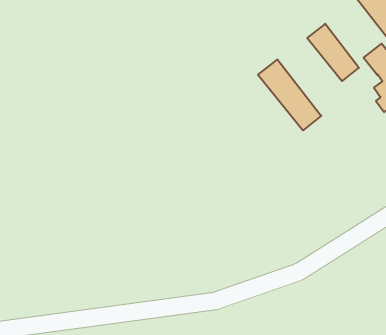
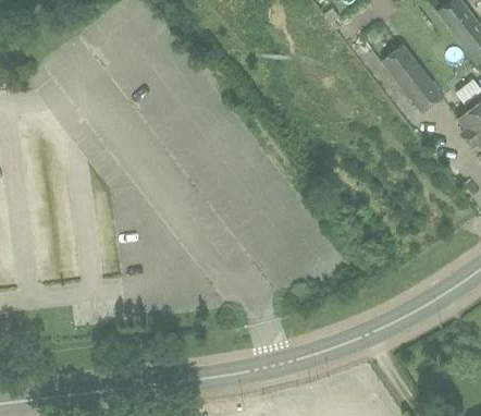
building: [258,59,321,130] -> none

